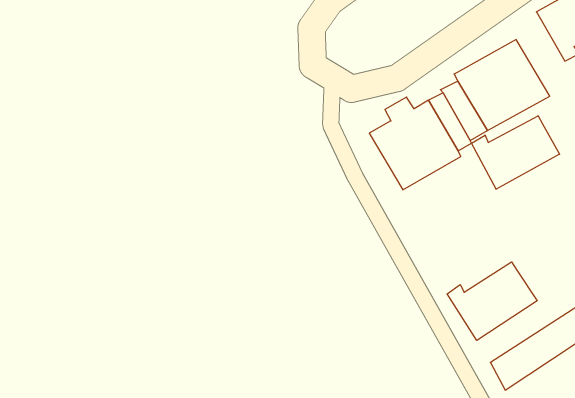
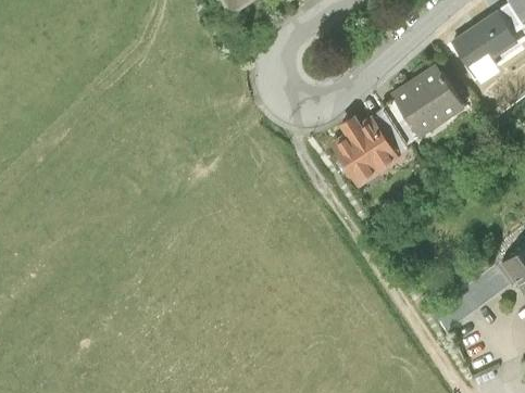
building: [471,116,560,189] -> none
building: [447,262,537,340] -> none

